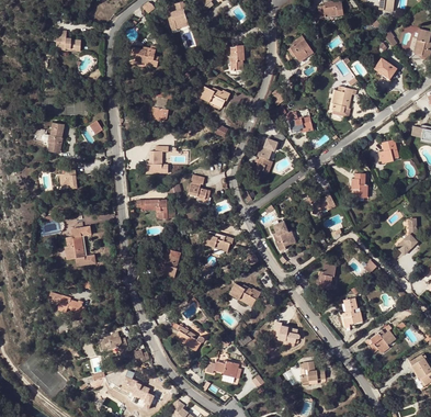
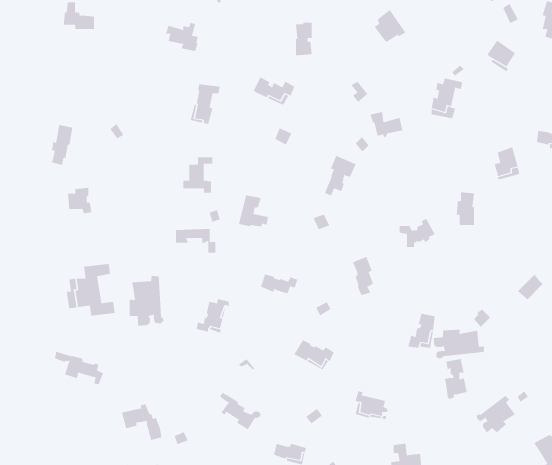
building: none -> [129,275,164,326]
building: none -> [433,329,484,359]

